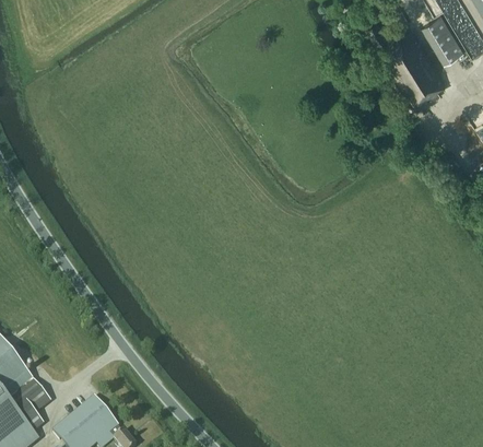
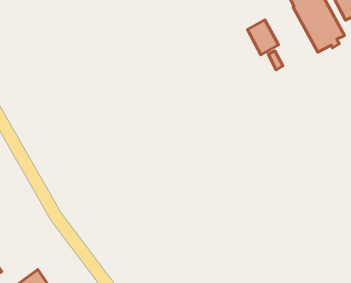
building: none -> [247,20,278,55]

